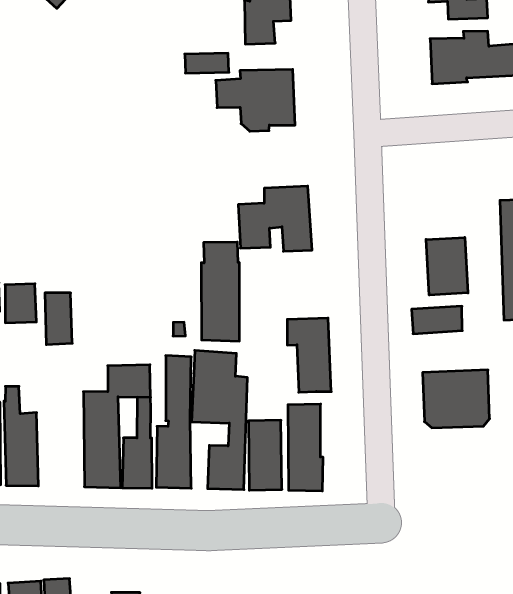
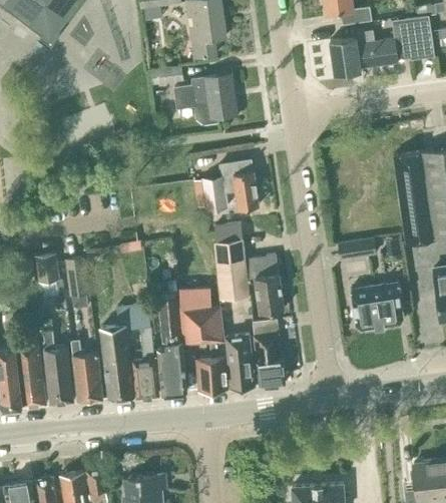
building: [426,237,468,295] -> none
building: [201,242,239,341] -> [214,223,249,299]
building: none -> [70,340,102,402]

